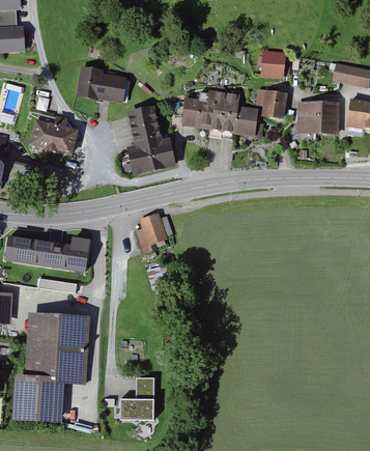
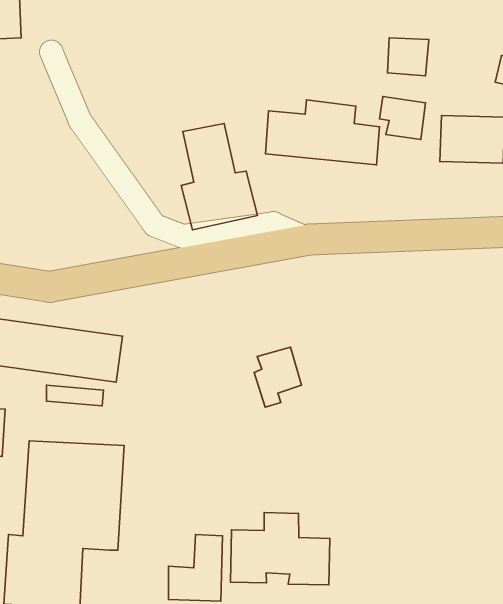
building: [76,65,126,102] -> none
building: [30,115,78,154] -> none
building: [136,213,167,252] -> [254,347,302,407]
building: none -> [230,513,330,585]

